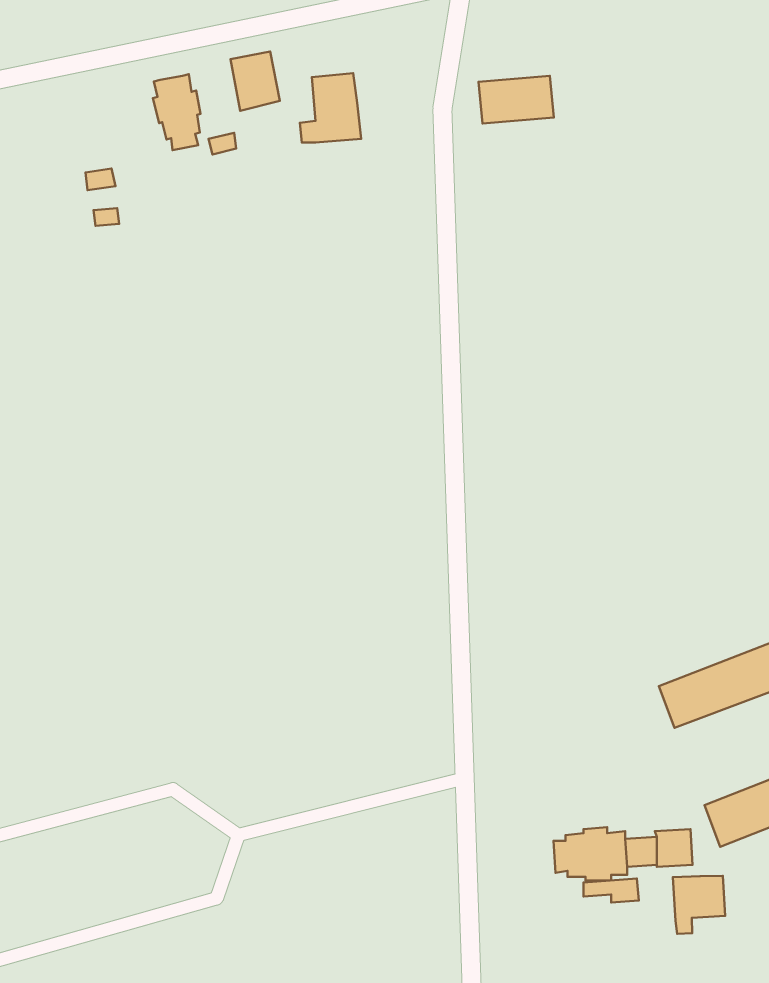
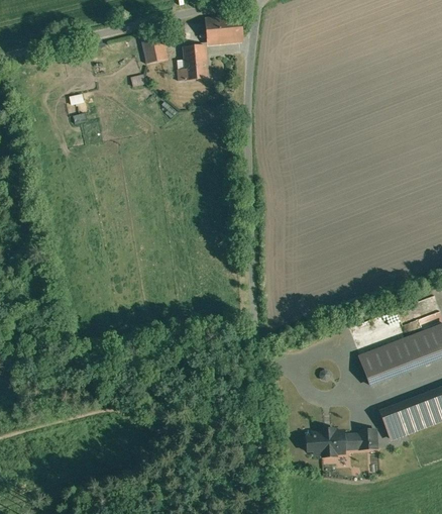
building: [153,74,200,150] -> none
building: [479,76,554,123] -> [204,14,242,38]
building: [673,876,725,934] -> none

